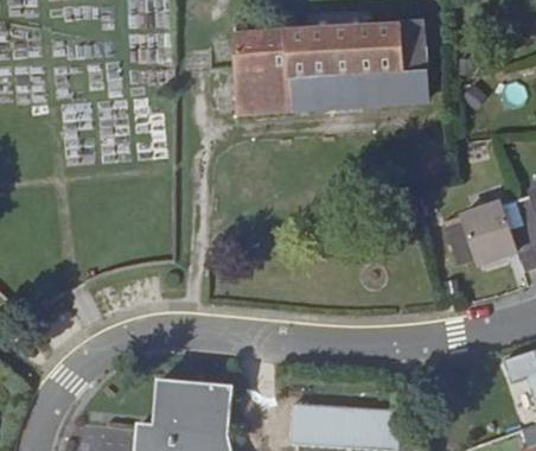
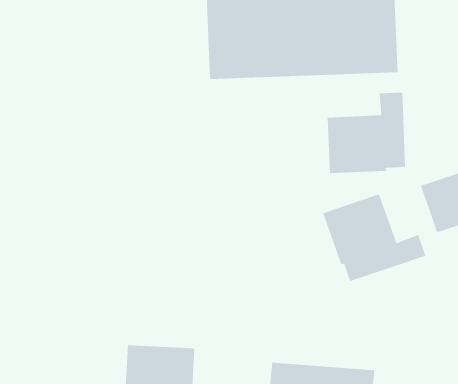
building: none -> [327,92,405,174]
building: none -> [323,193,426,282]

